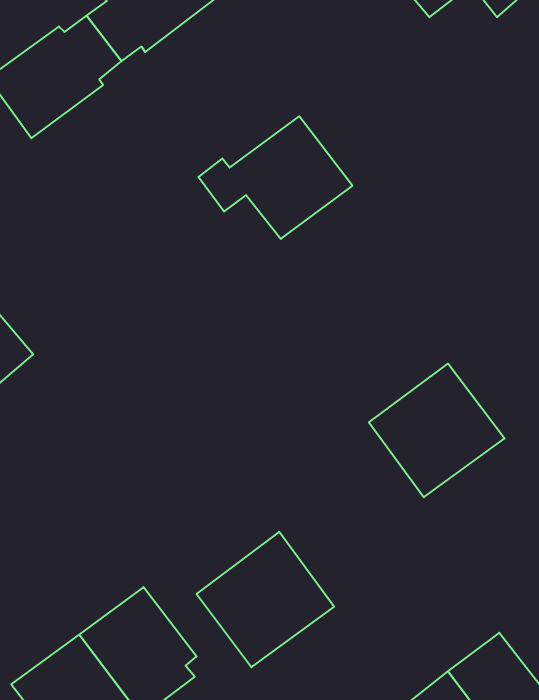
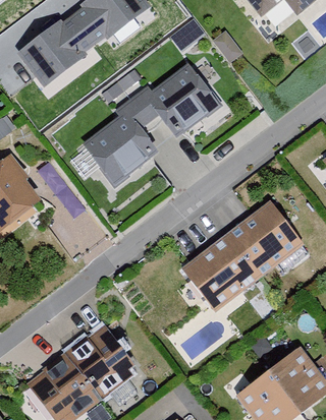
building: none -> [86,101,157,183]
building: [197,532,334,667] -> [182,237,259,312]

